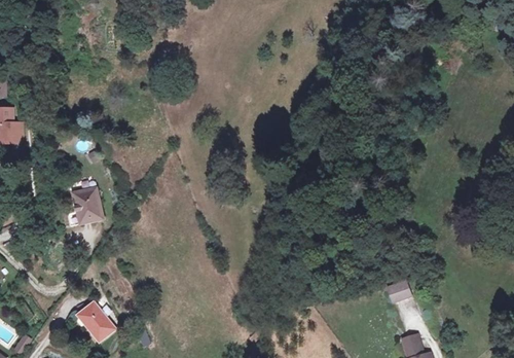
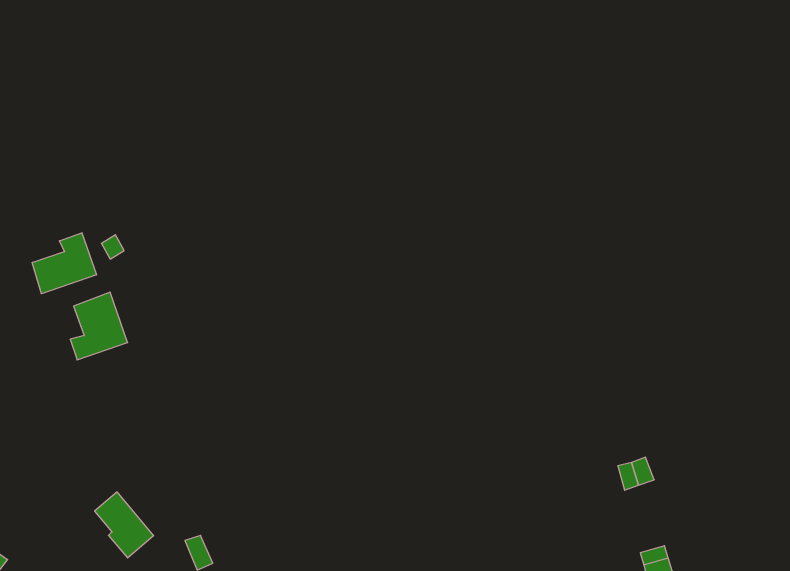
building: none -> [32,233,96,294]

